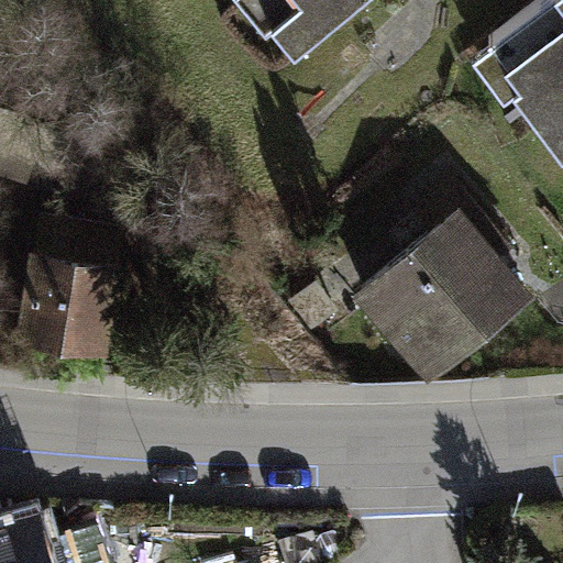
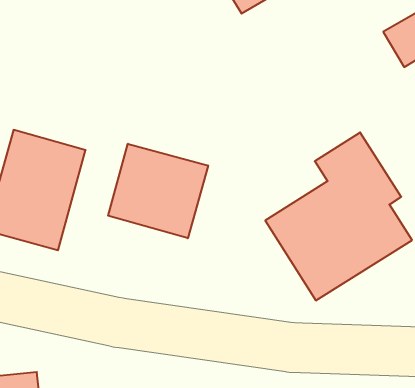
building: none -> [108,144,208,238]

